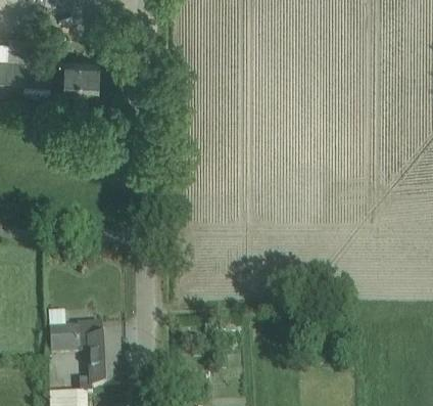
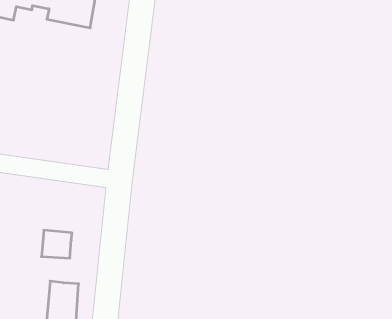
building: [50,325,79,352] -> [41,230,72,258]

